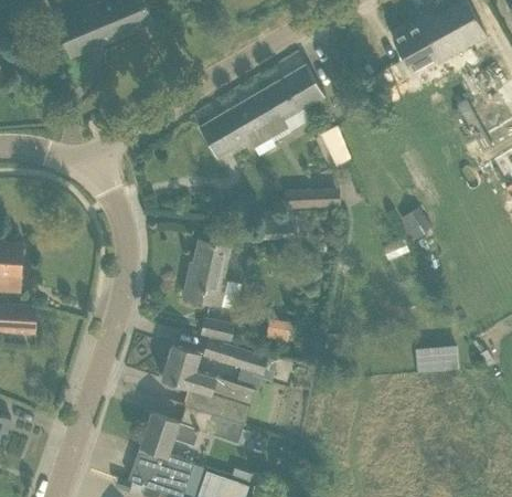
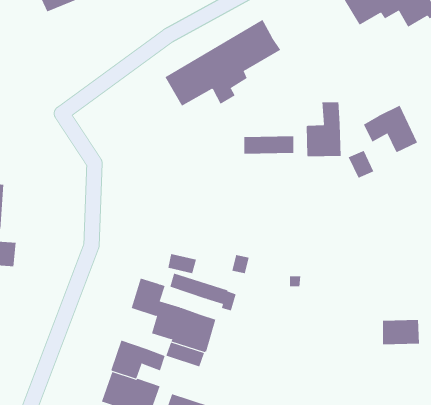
building: none -> [306,101,341,157]
building: none -> [363,105,418,153]
building: [183,240,241,308] -> none
building: [414,343,455,371] -> [382,320,420,345]

